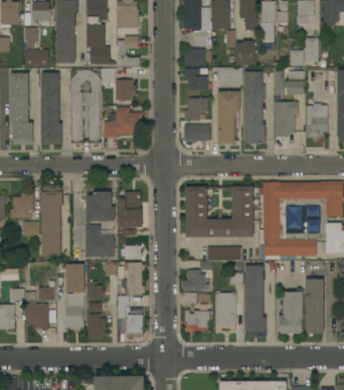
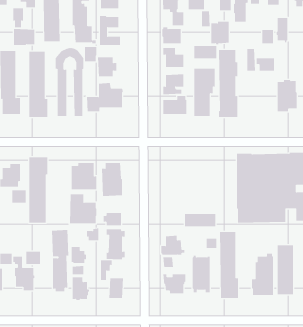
building: [274,102,298,137] -> none
building: [185,186,253,237] -> none

